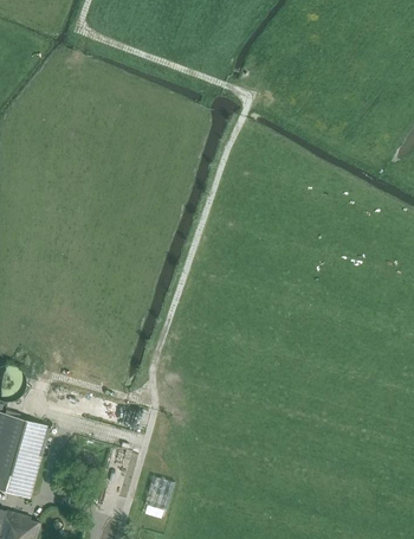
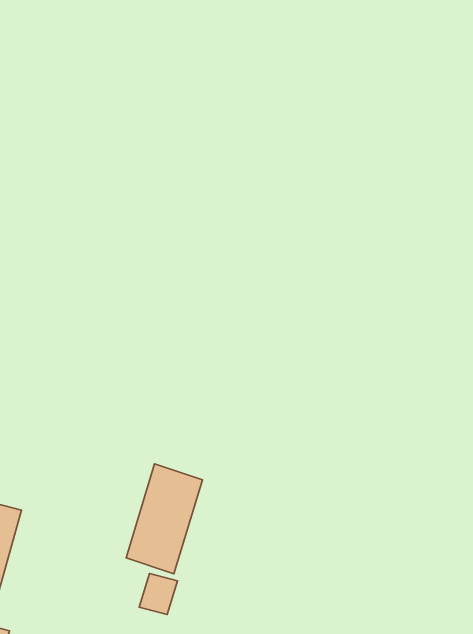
building: none -> [126,464,202,574]

